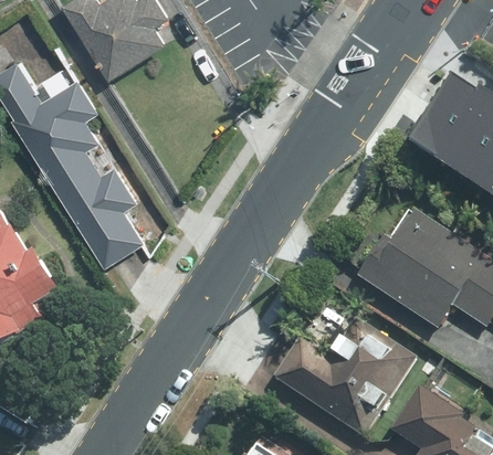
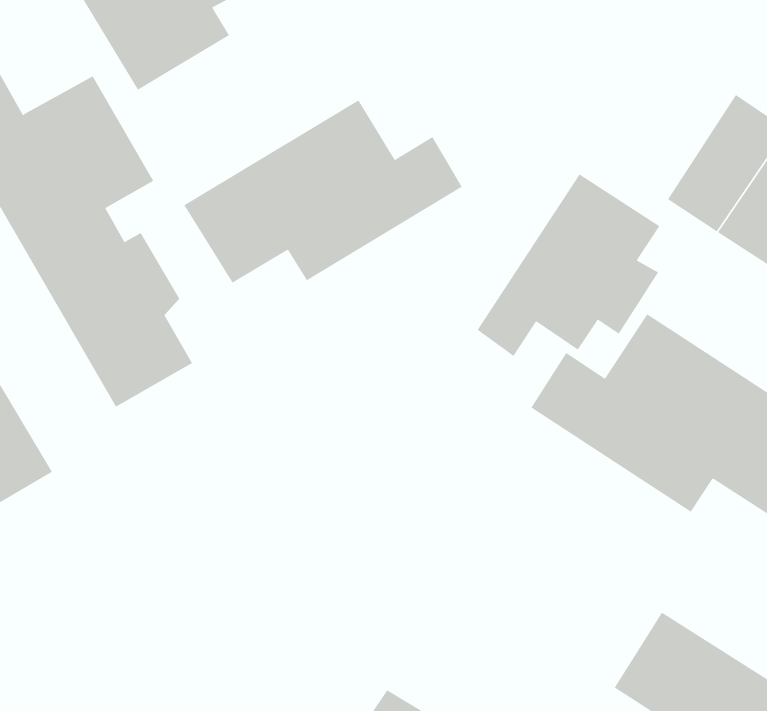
building: none -> [184,100,462,283]
building: none -> [477,173,660,357]
building: [275,314,419,436] -> none

